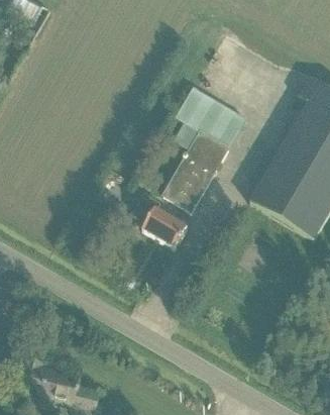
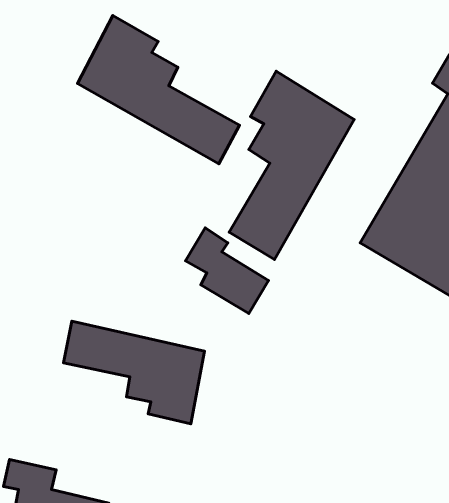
building: none -> [78,15,239,164]
building: none -> [64,321,204,424]

